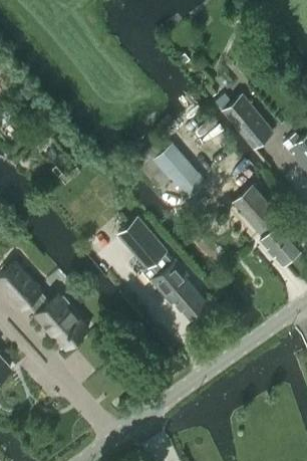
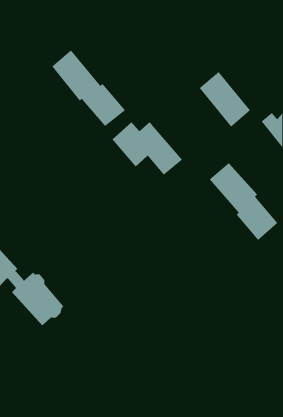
building: none -> [51,49,126,127]
building: [117,218,206,318] -> none

